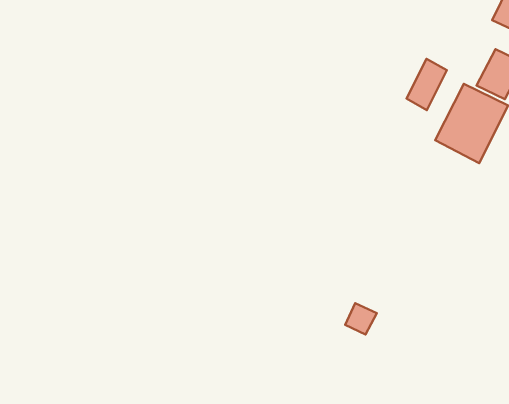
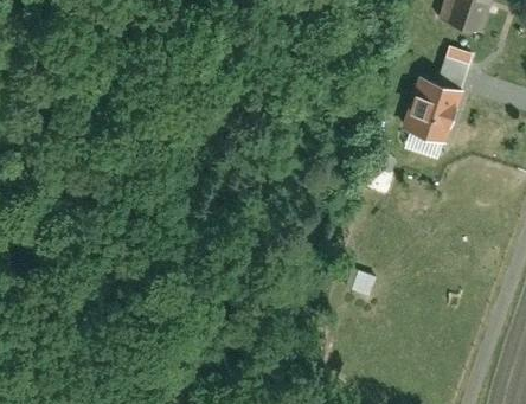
building: [406,59,447,110] -> none

